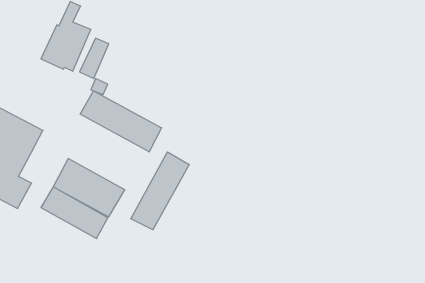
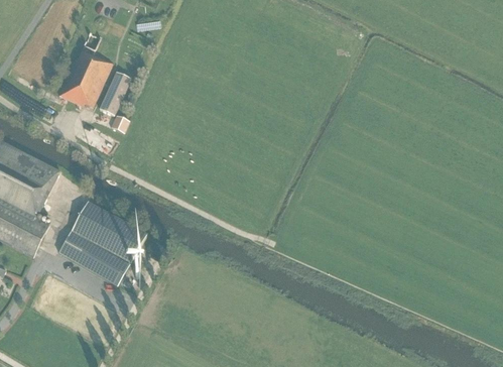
building: [80,91,162,152] -> none
building: [131,152,189,230] -> none

